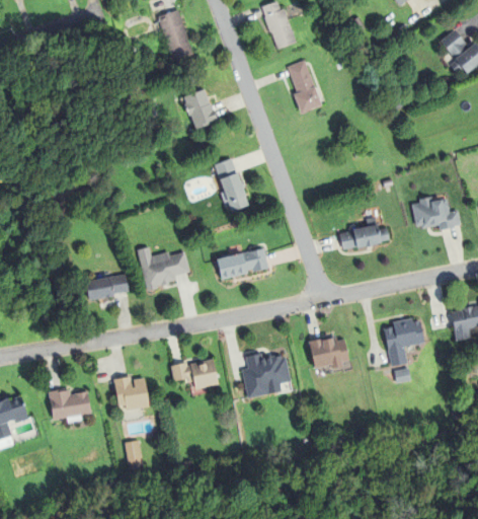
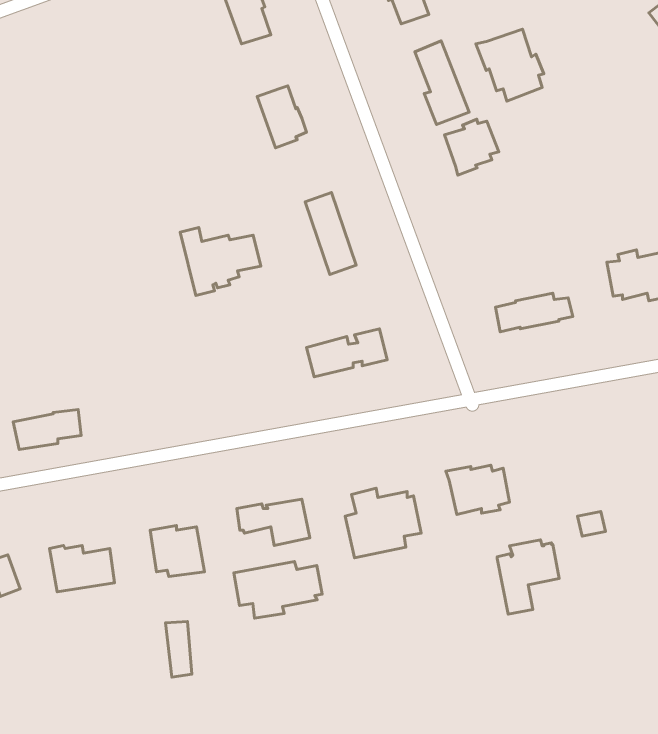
building: none -> [476,29,544,101]
building: none -> [445,119,499,175]
building: [137,246,189,291] -> [180,227,261,296]
building: [83,274,128,300] -> [13,409,81,450]
building: [384,317,424,366] -> [497,540,559,614]
building: none -> [234,561,322,618]

